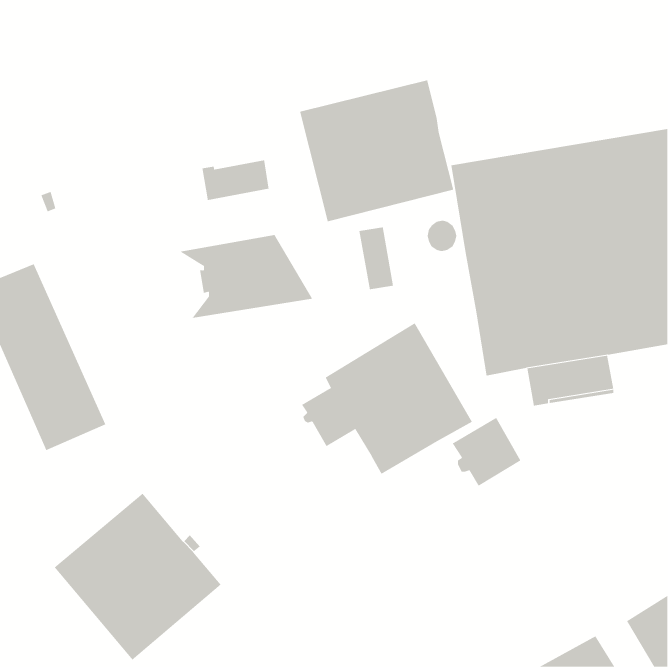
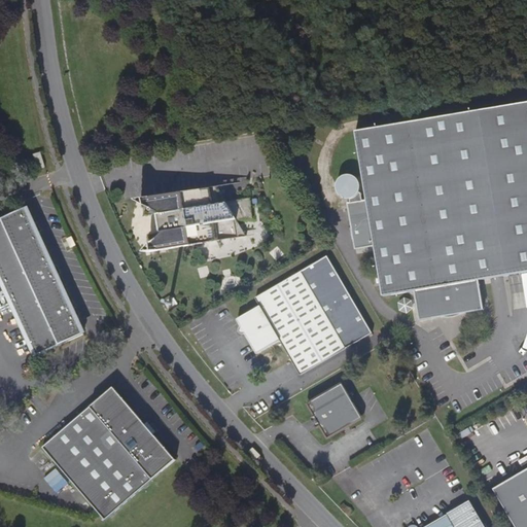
building: [300,80,454,222] -> none
building: [202,159,269,201] -> none
building: [359,227,394,290] -> [346,199,374,248]
building: [452,417,521,487] -> [307,382,361,436]

